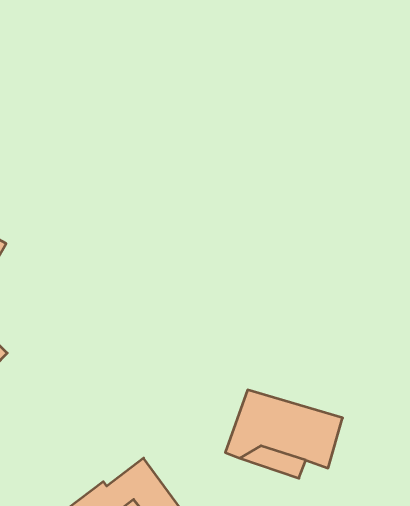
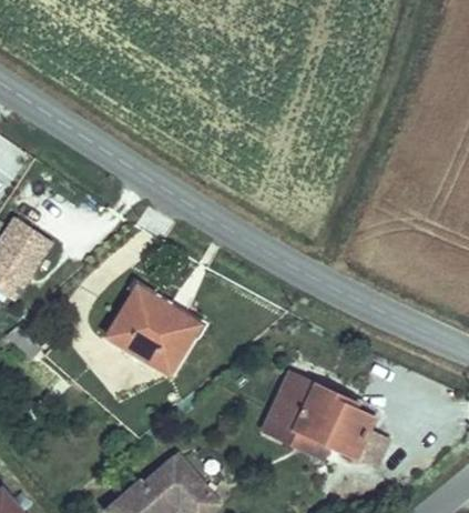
building: none -> [122,285,202,376]

